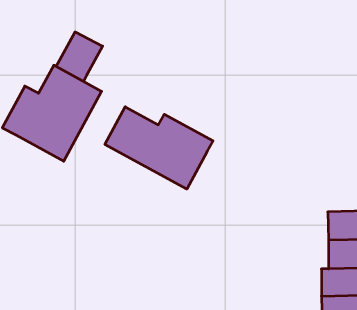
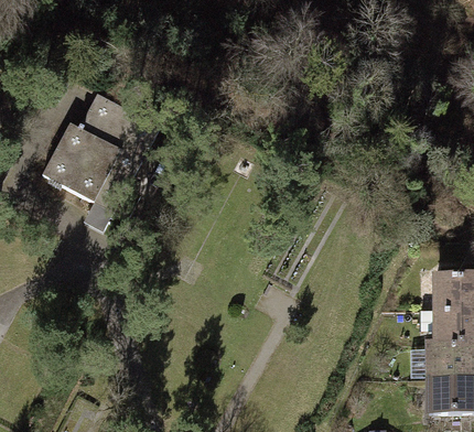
building: [56,32,103,81] -> none
building: [105,107,213,189] -> none

